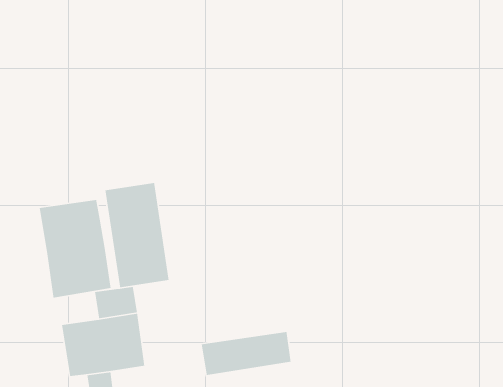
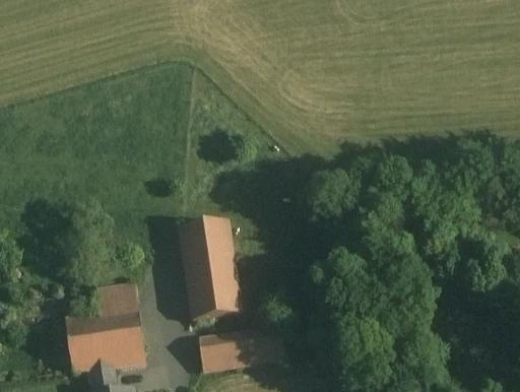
building: [105,182,170,288] -> [178,217,240,318]
building: [39,199,111,298] -> none

